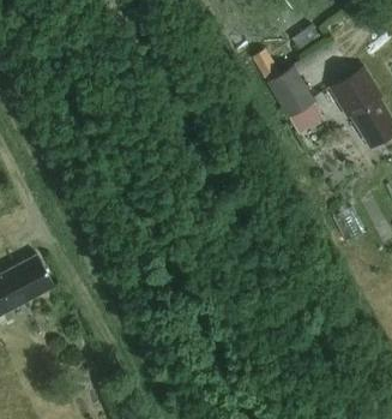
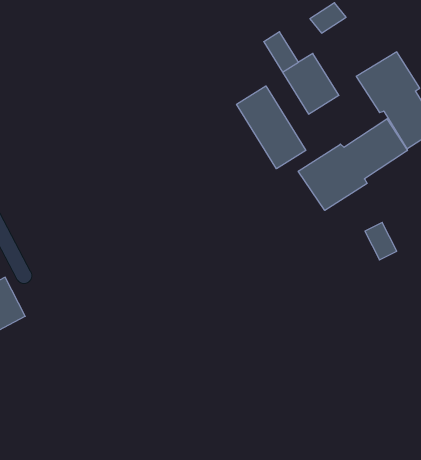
building: none -> [237,86,306,169]
building: none -> [298,119,407,210]

